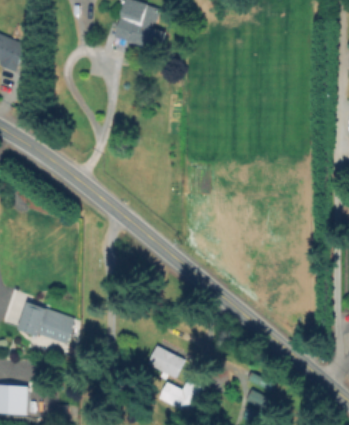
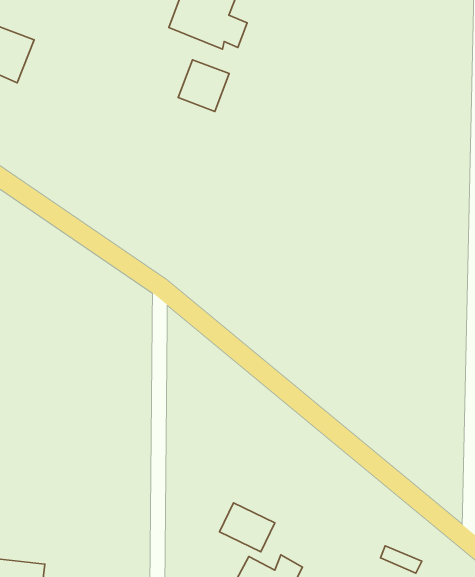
building: none -> [178,60,229,111]
building: [18,301,75,345] -> none

